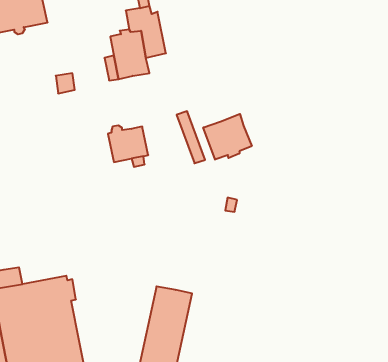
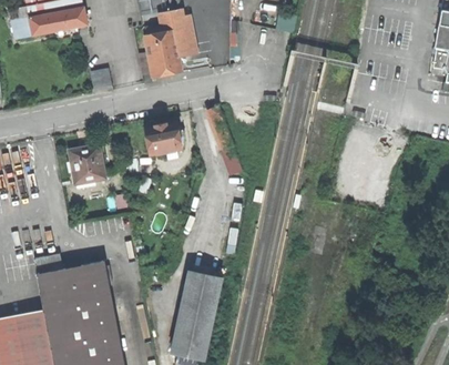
building: [203,114,252,160] -> none
building: none -> [68,144,104,184]

